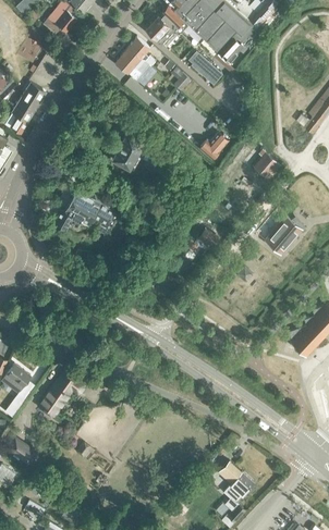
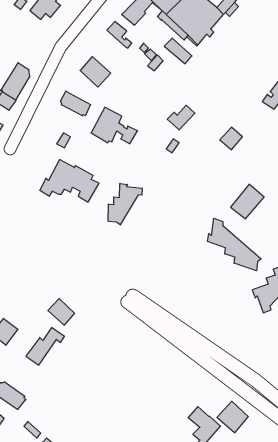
building: [115,47,149,81] -> [80,57,111,87]
building: none -> [61,91,90,116]
building: none -> [108,183,142,225]
building: none -> [208,218,261,271]
building: none -> [48,298,75,325]
building: none -> [217,401,248,433]

